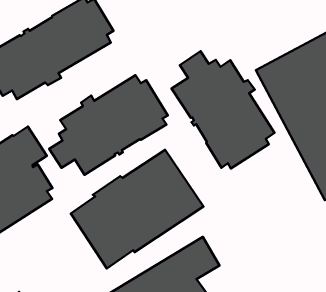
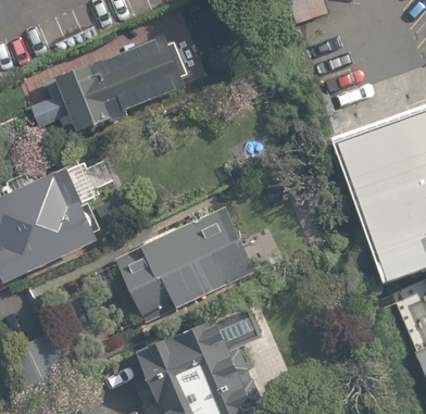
building: [172,51,275,168] -> none
building: [49,75,168,175] -> none

